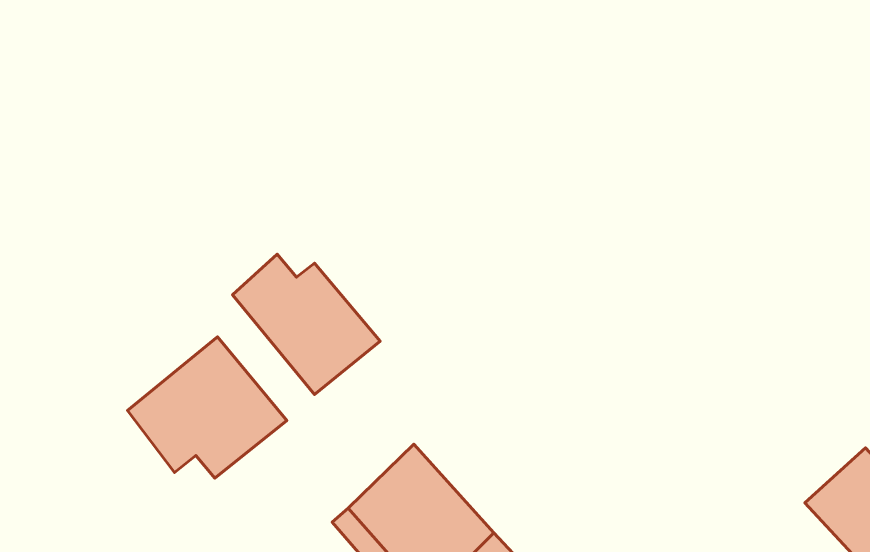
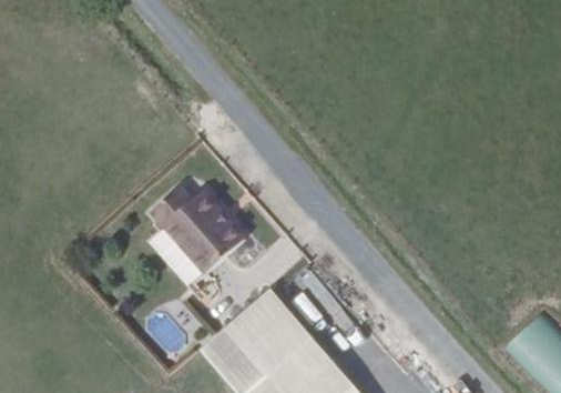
building: [127,337,287,478] -> none

